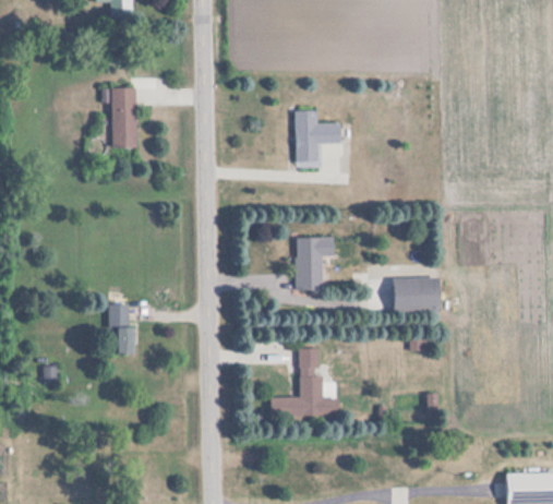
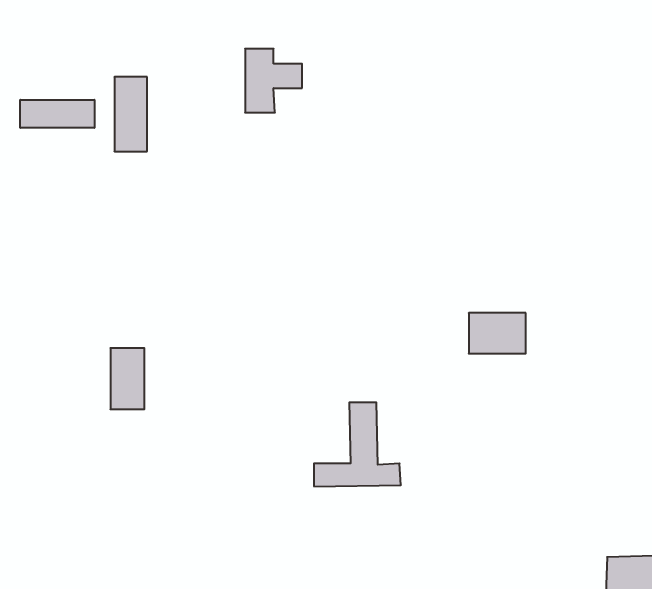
building: none -> [20,100,94,128]
building: [296,110,341,161] -> [245,49,302,113]
building: [297,237,335,291] -> none

